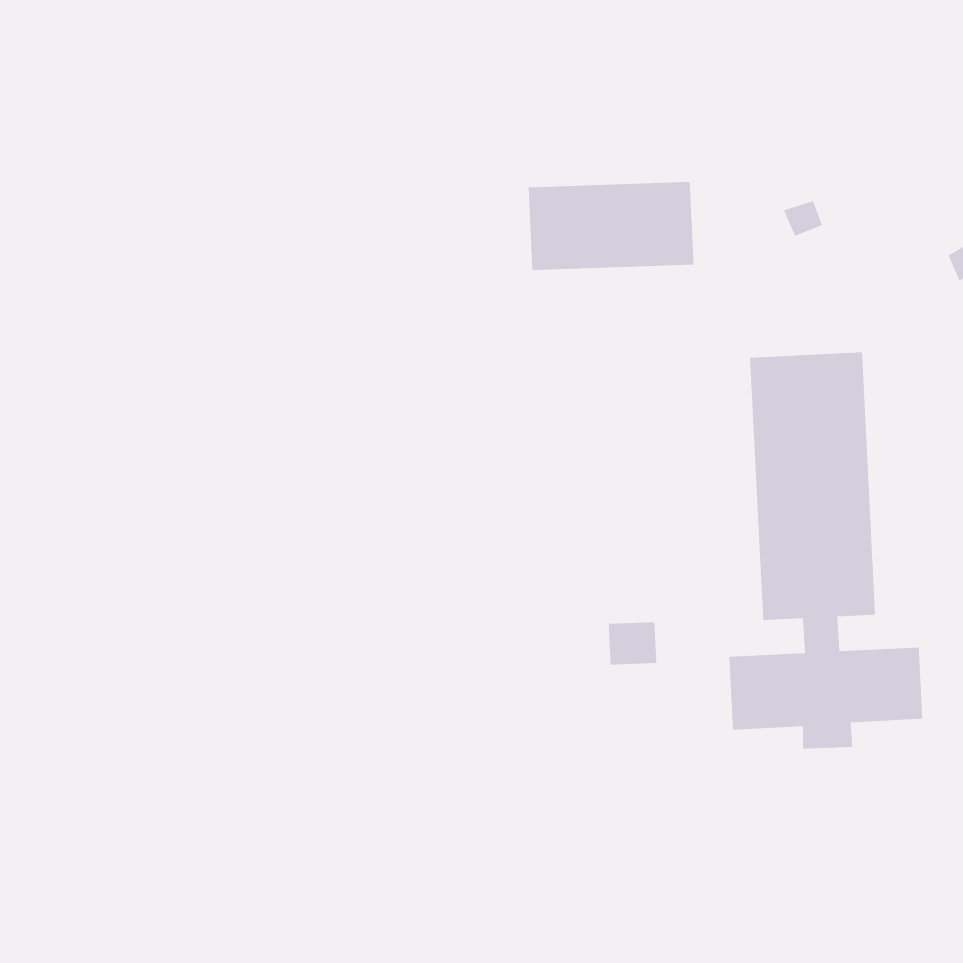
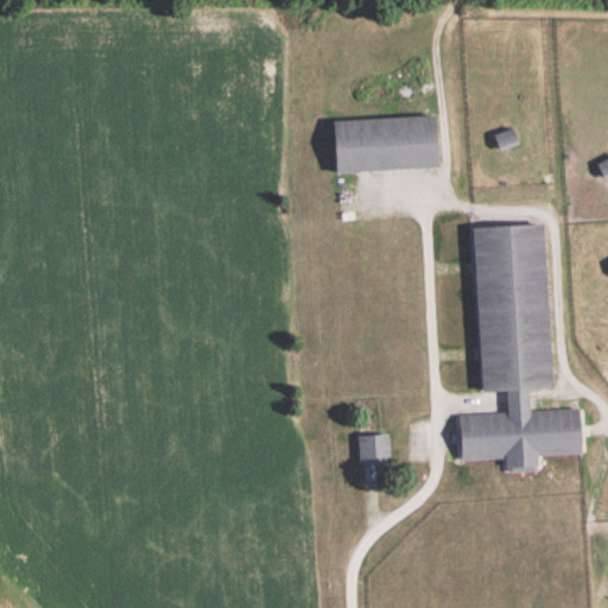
building: [608,622,657,665] -> [359,435,390,462]

